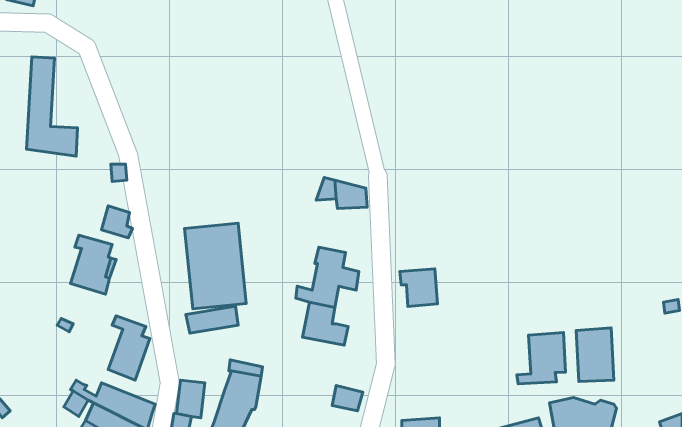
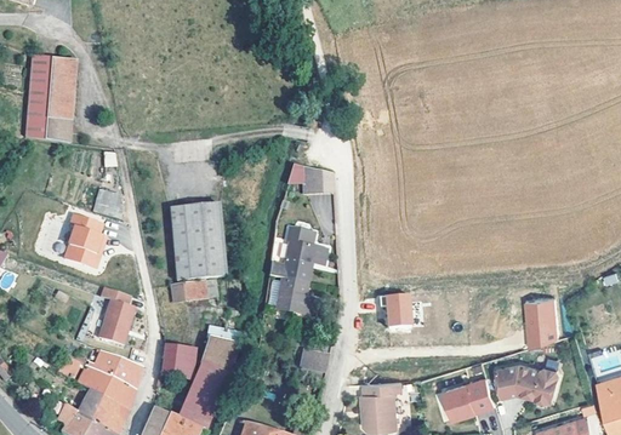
building: none -> [47,56,75,119]
building: [400,269,437,306] -> [378,292,412,326]
building: [517,332,566,384] -> none

